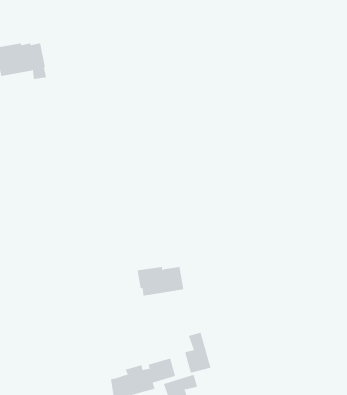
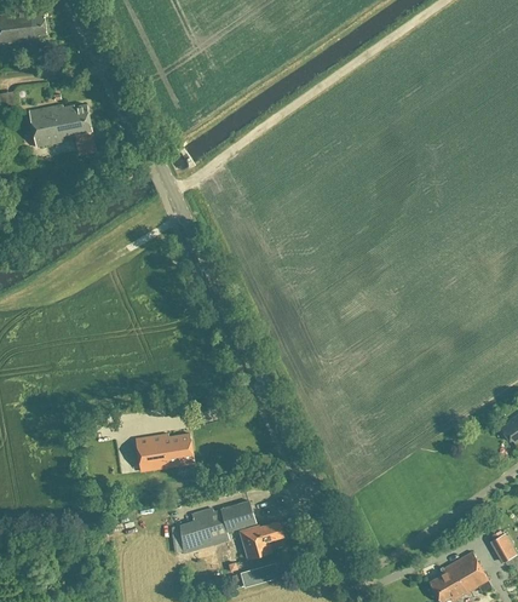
building: [137,266,184,296] -> [136,434,195,471]
building: [184,332,211,373] -> none

